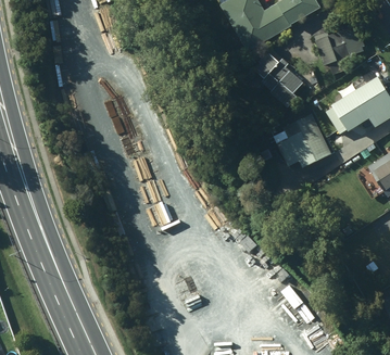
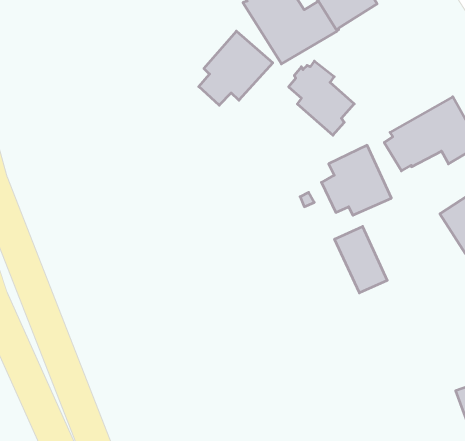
building: none -> [199,31,273,105]
building: [314,30,366,75] -> none
building: none -> [335,226,387,293]

